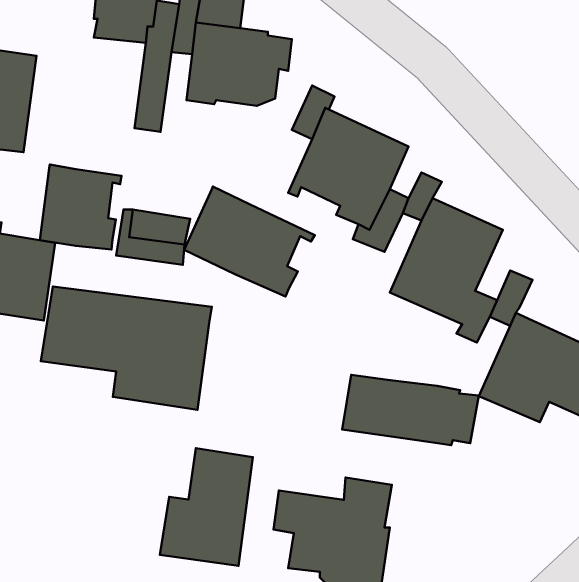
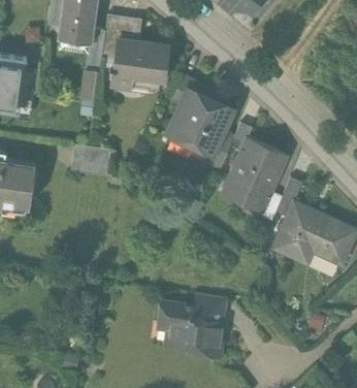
building: [40,165,122,249] -> none
building: [184,186,315,296] -> none
building: [41,287,212,410] -> none
building: [342,375,479,445] -> none
building: [160,448,253,566] -> none

